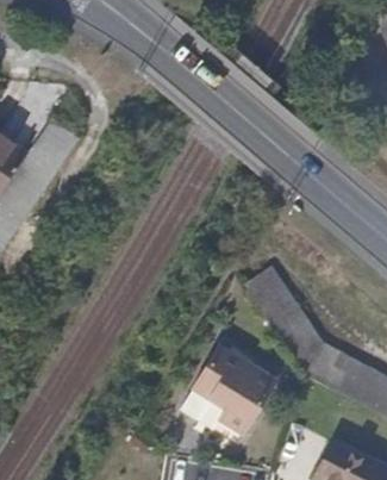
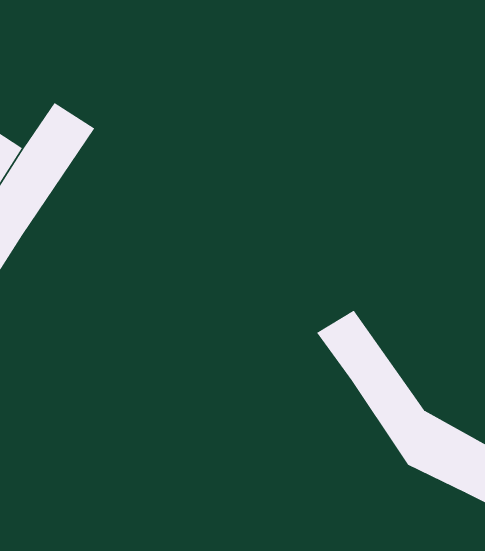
building: [189,343,275,432] -> none

